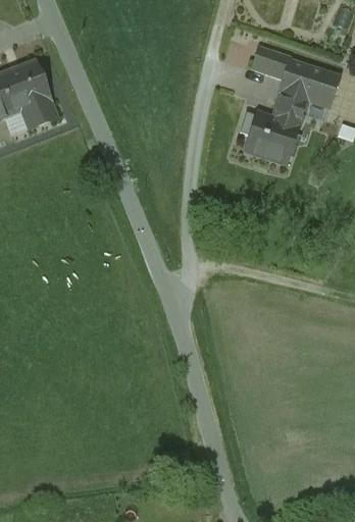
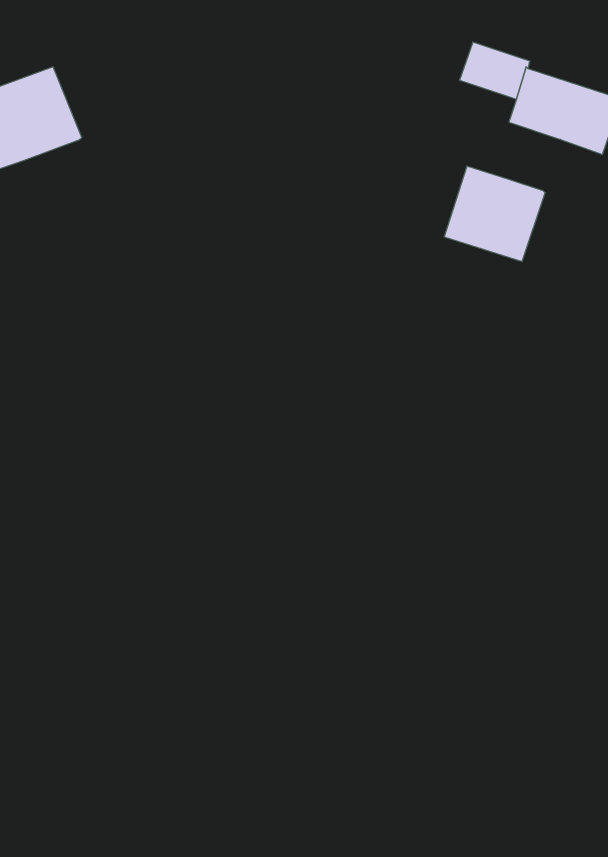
building: [278,92,306,125] -> none
building: [19,98,57,128] -> none

